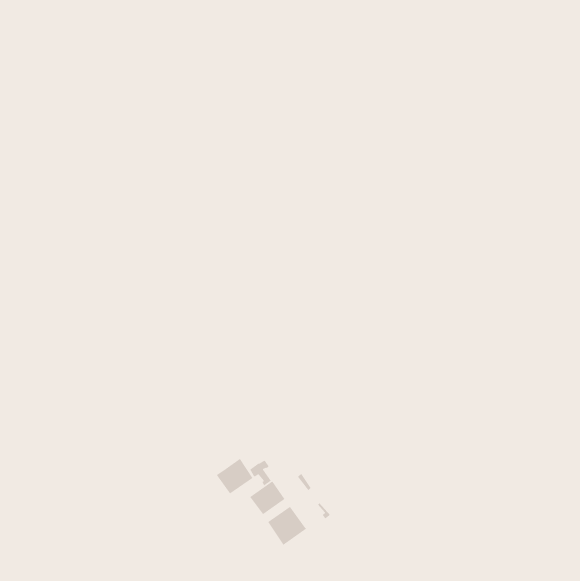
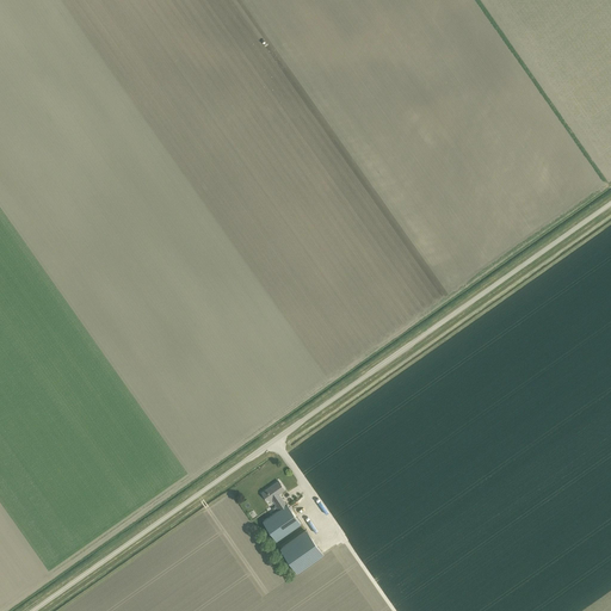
building: [216,458,253,495] -> none

